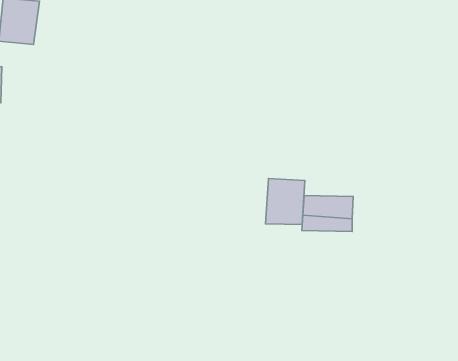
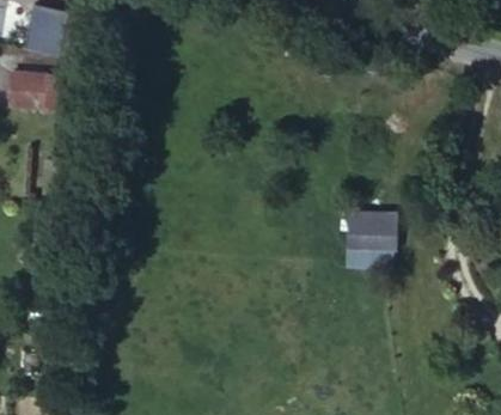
building: [266,179,305,224] -> none

